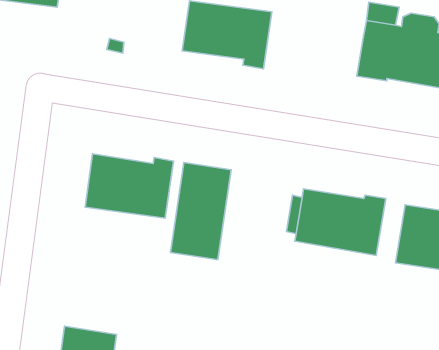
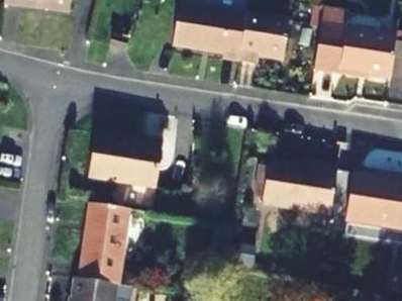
building: none -> [238,15,289,65]
building: [170,163,231,260] -> [78,203,128,284]

